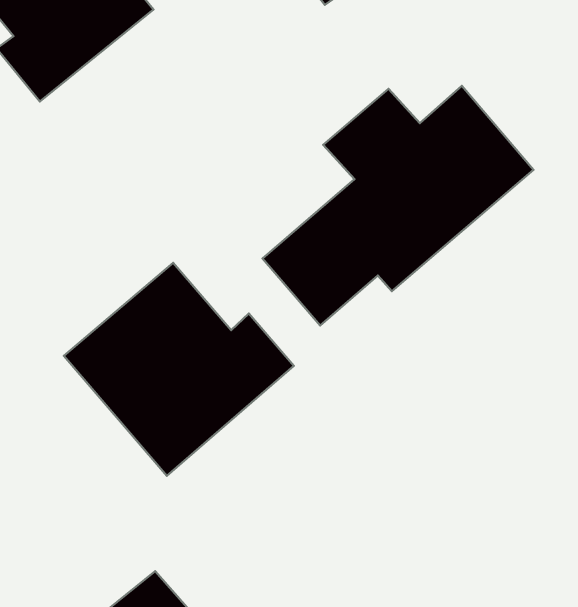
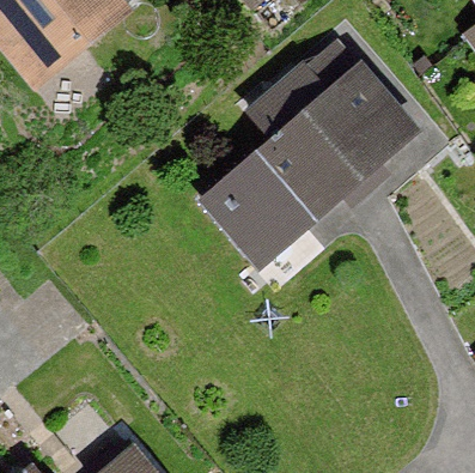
building: [64,263,294,476] -> none

